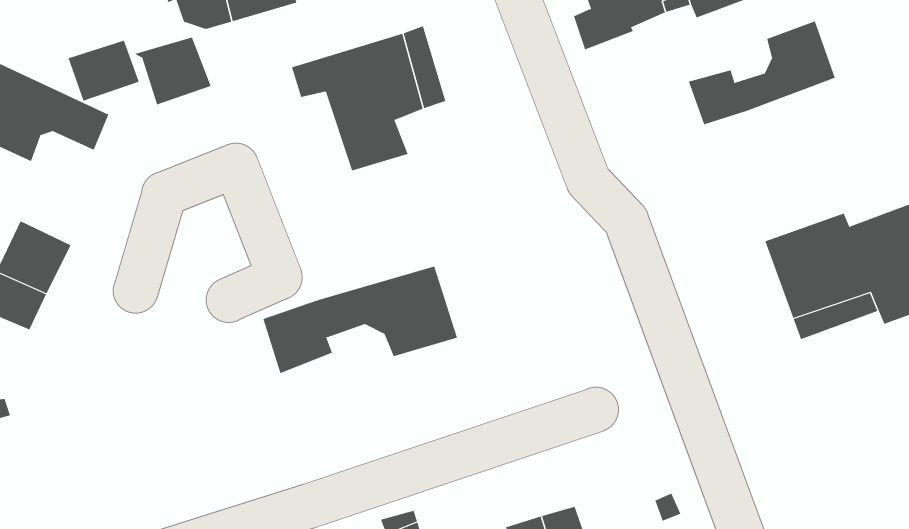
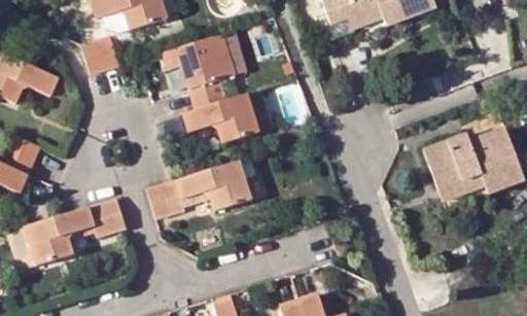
building: [688,20,836,125] -> none
building: [68,40,140,101] -> none
building: none -> [183,93,260,143]
building: none -> [10,199,128,271]

